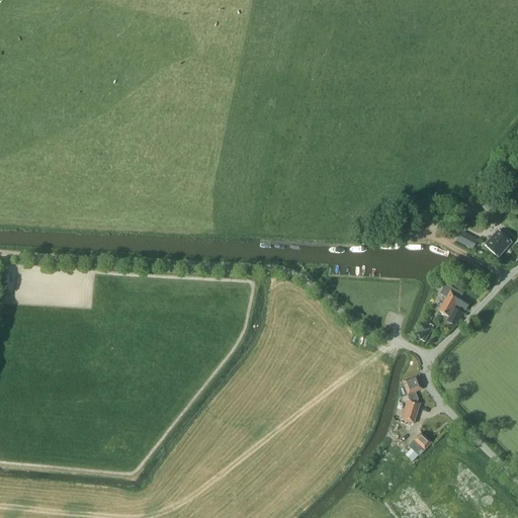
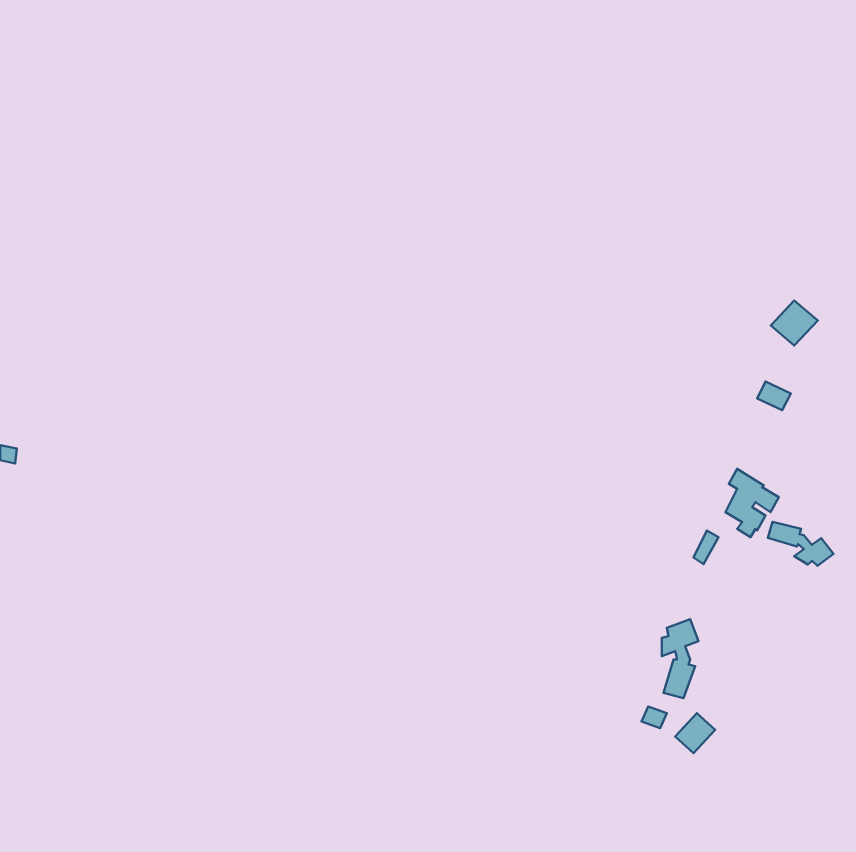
building: [484,229,512,256] -> [771,300,818,346]
building: none -> [768,522,834,566]

